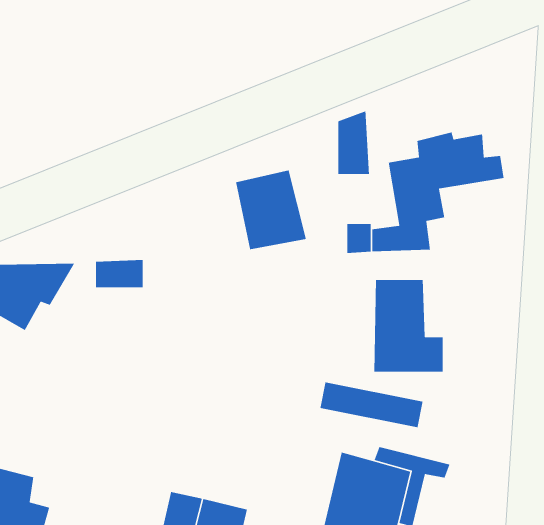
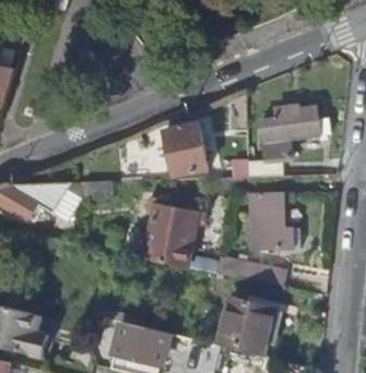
building: none -> [142,194,208,266]

